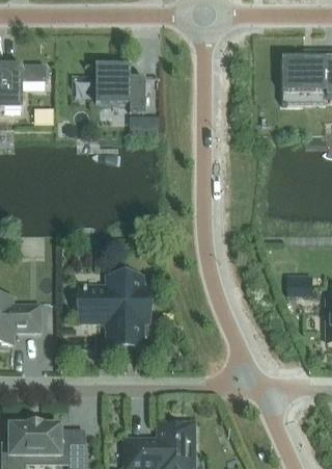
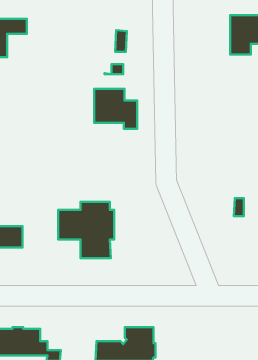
building: [95,64,145,111] -> [94,89,137,129]

